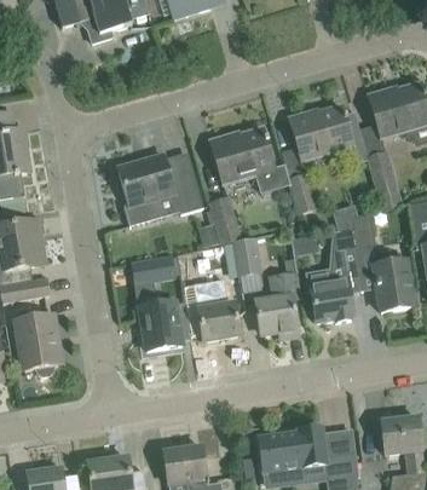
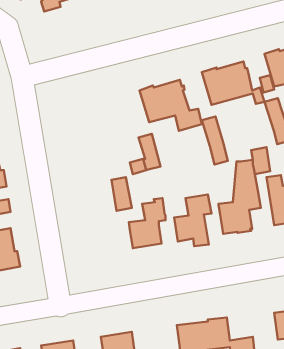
building: [117,155,204,225] -> none
building: [235,241,261,277] -> none
building: [133,258,174,283] -> none
building: [140,299,190,350] -> none

